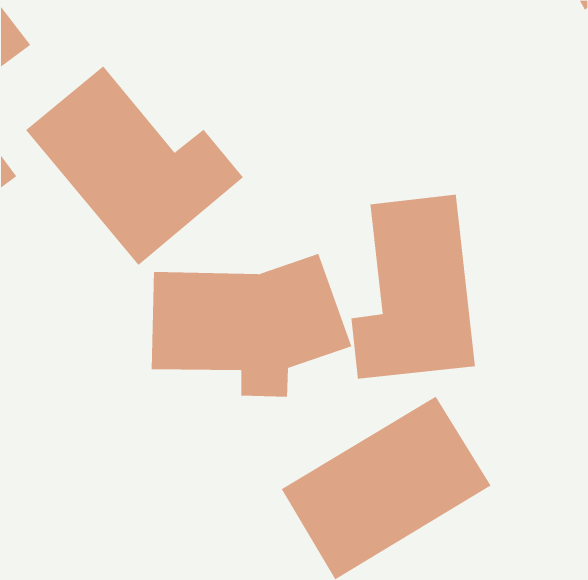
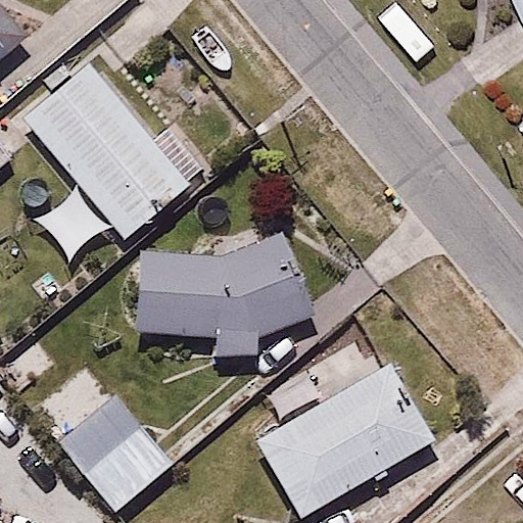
building: [351,194,475,379] -> none
building: none -> [55,393,176,515]

